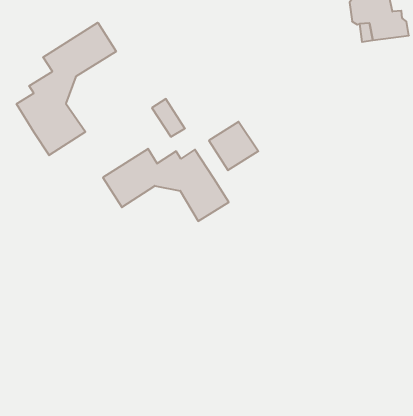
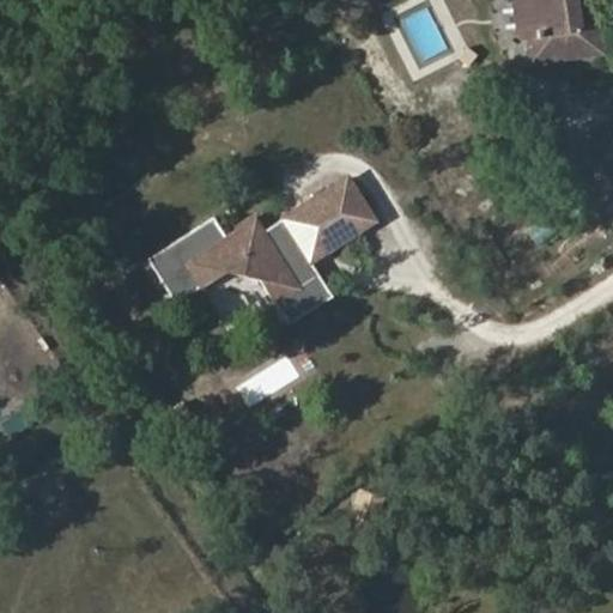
building: [17,23,116,155] -> none
building: [152,99,185,137] -> [284,205,332,260]

